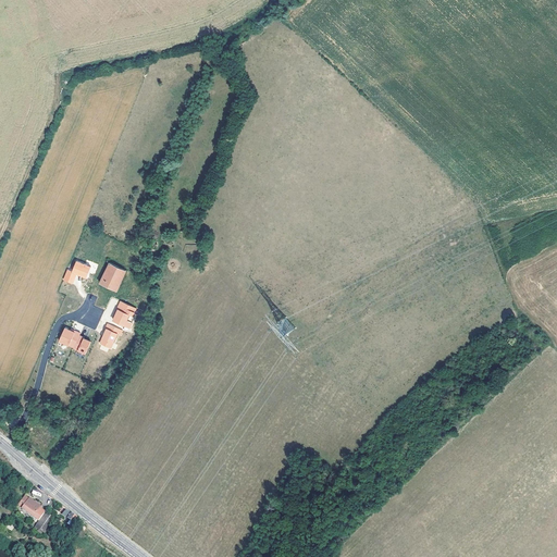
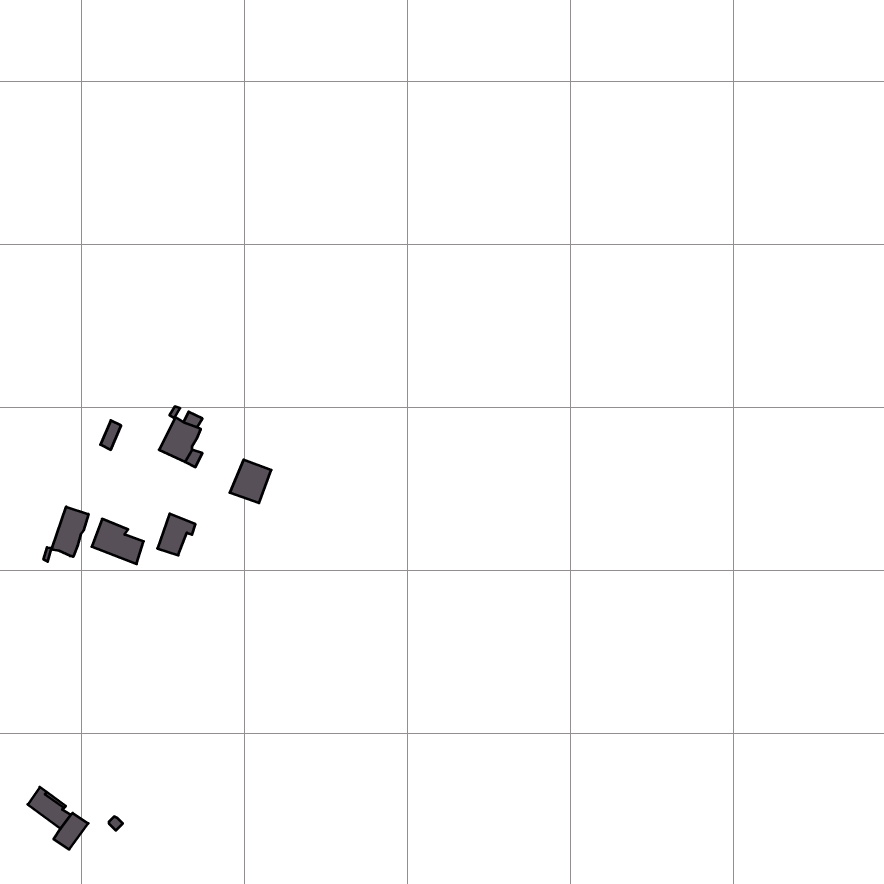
building: [111,301,137,329] -> [230,460,271,503]
building: none -> [44,507,88,562]

